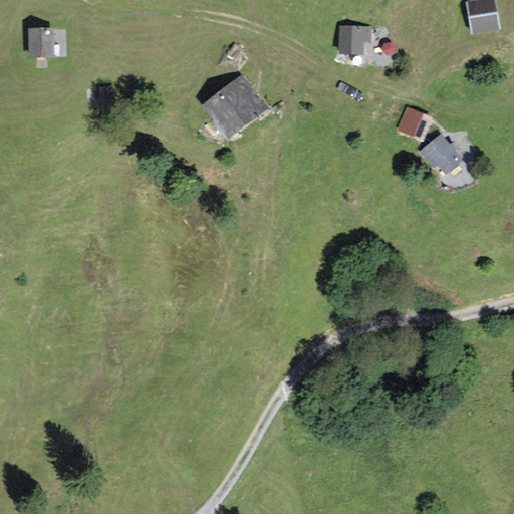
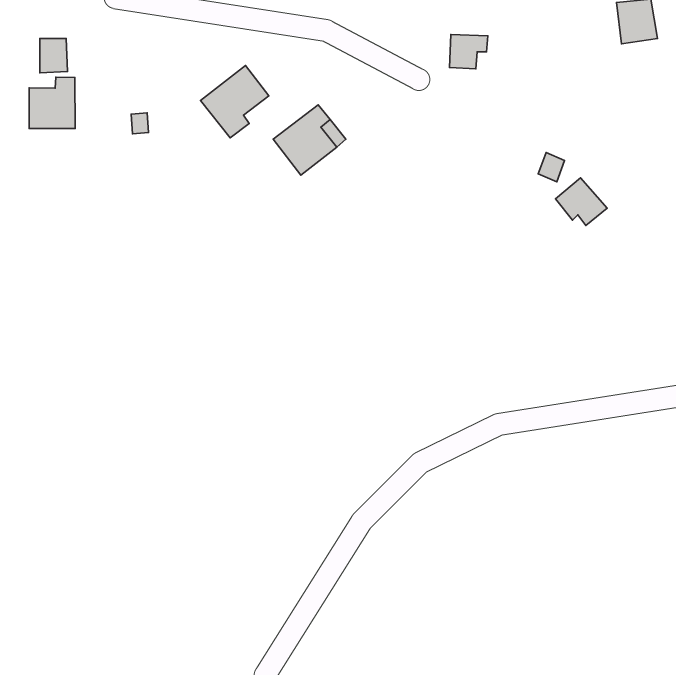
building: none -> [201,66,269,138]
building: none -> [29,77,75,129]

